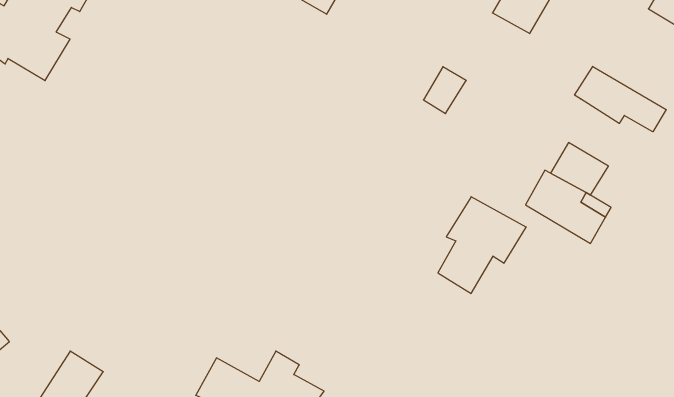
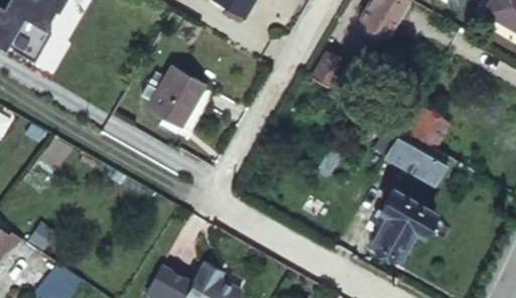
building: [575,66,666,132] -> none
building: none -> [147,66,206,127]
building: [438,197,526,293] -> [379,194,443,265]

